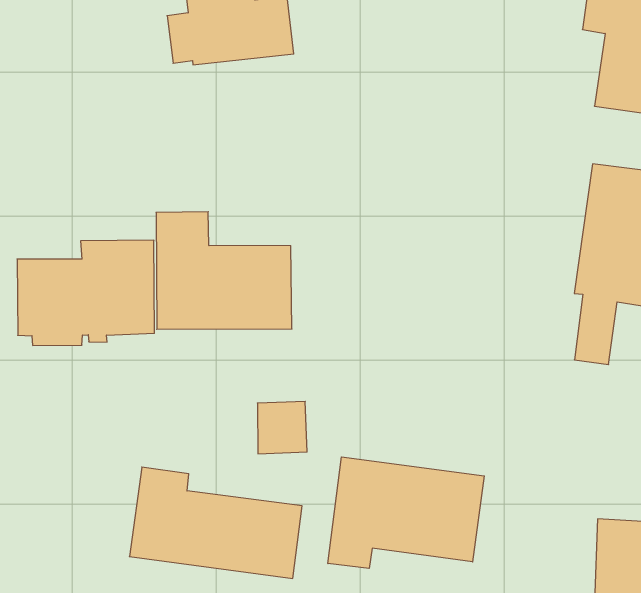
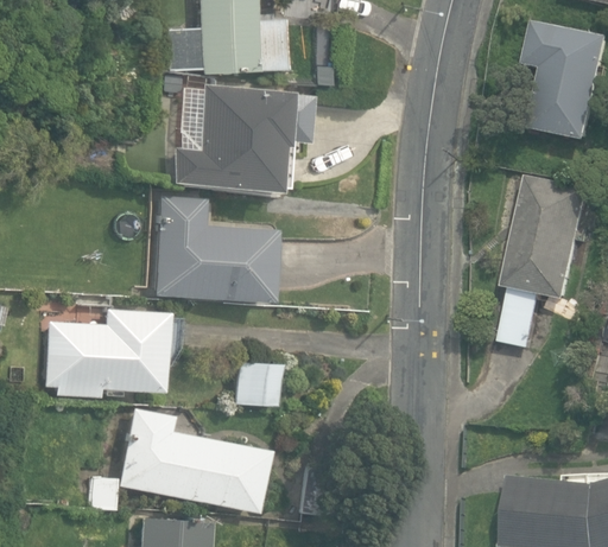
building: none -> [167,84,312,191]
building: [17,240,154,345] -> [44,309,164,396]
building: [328,457,484,568] -> none

